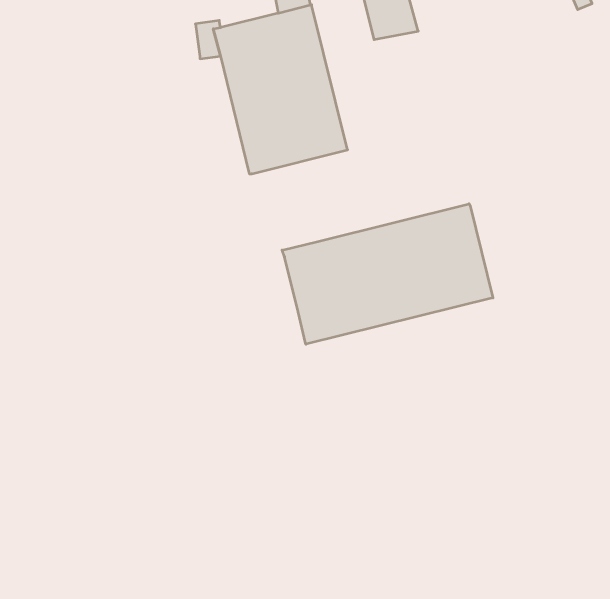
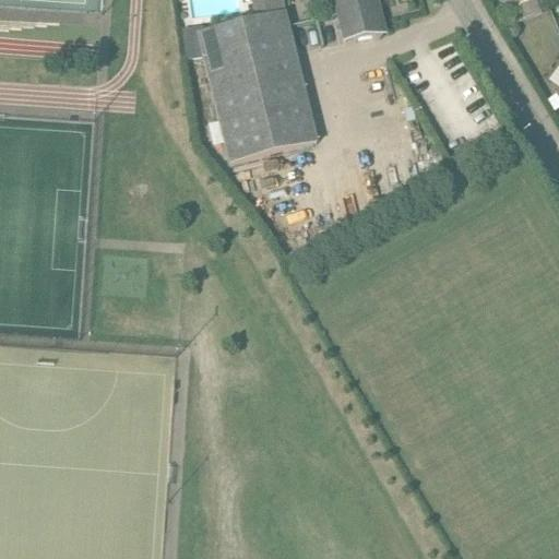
building: [282,204,493,344] -> none

